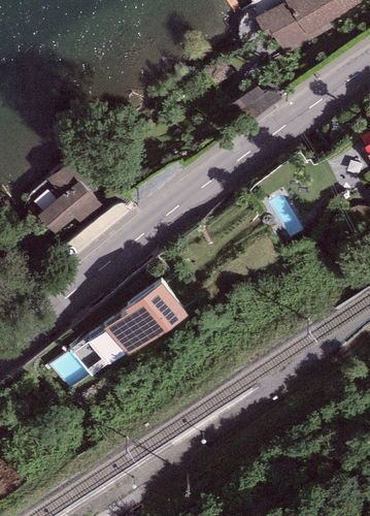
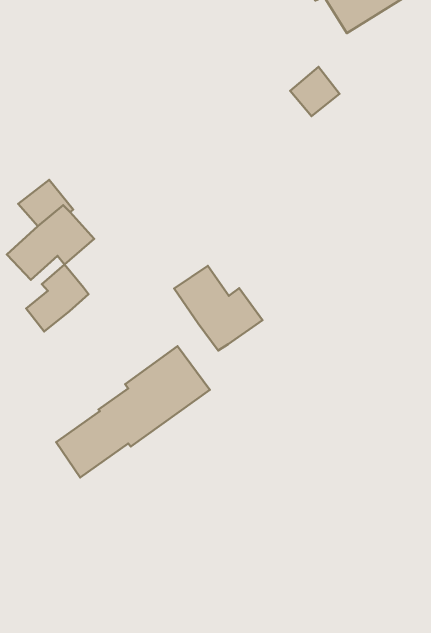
building: none -> [26,264,89,331]
building: none -> [174,266,262,351]

